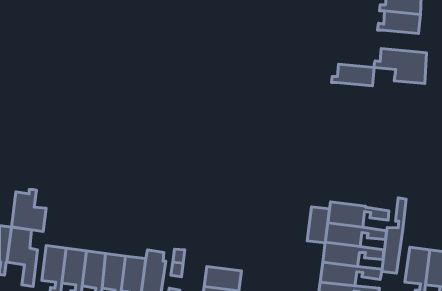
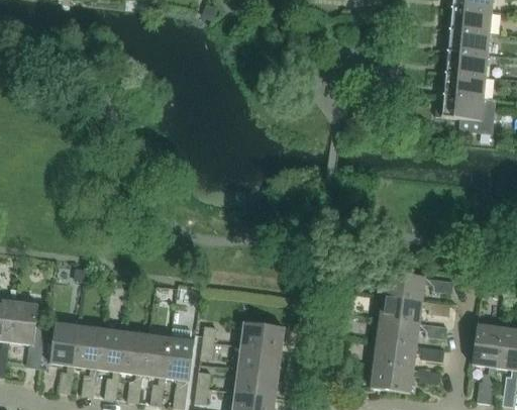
building: [331,64,374,86] -> [437,73,487,98]
building: [11,190,46,232] -> none
building: [382,198,406,273] -> none
building: [307,207,329,243] -> none
building: none -> [241,322,285,351]

